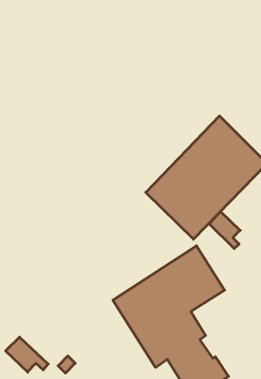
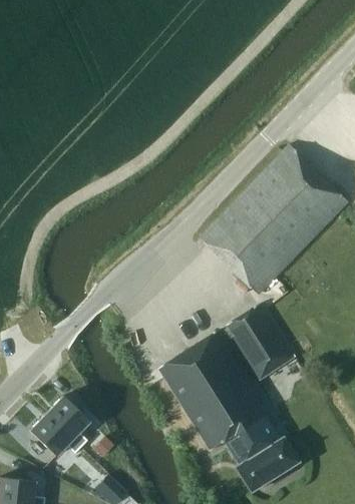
building: [209,211,240,249] -> none
building: none -> [45,396,88,447]

